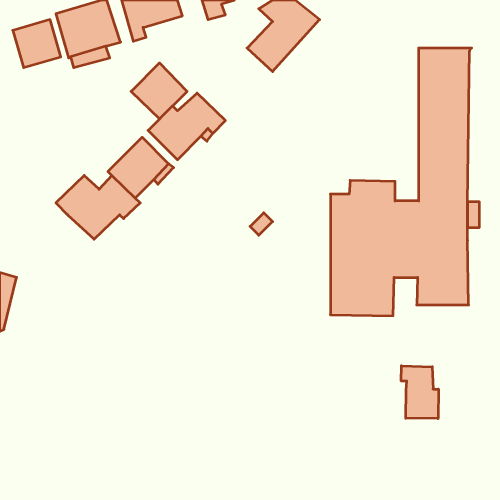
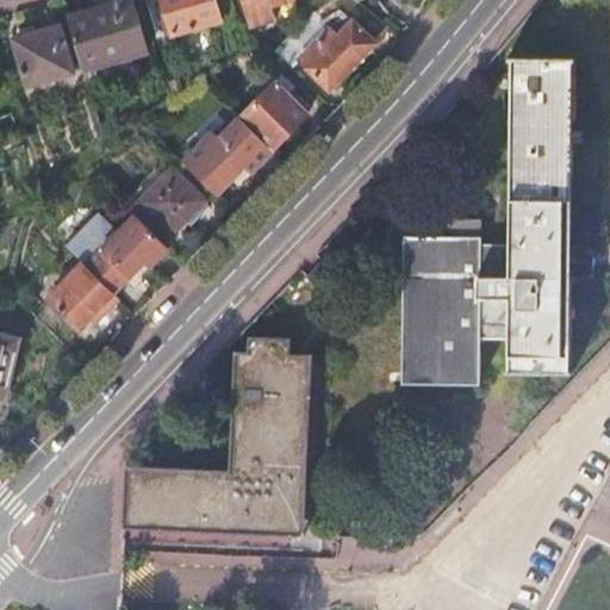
building: [131,63,187,119] -> [239,80,307,148]
building: none -> [49,262,119,328]
building: none -> [123,338,311,537]
building: [401,366,438,419] -> none

